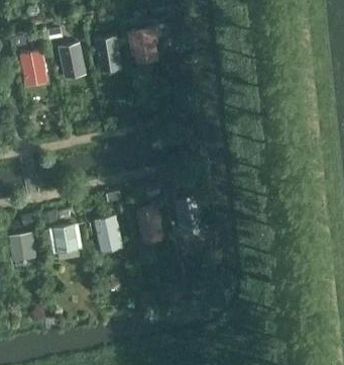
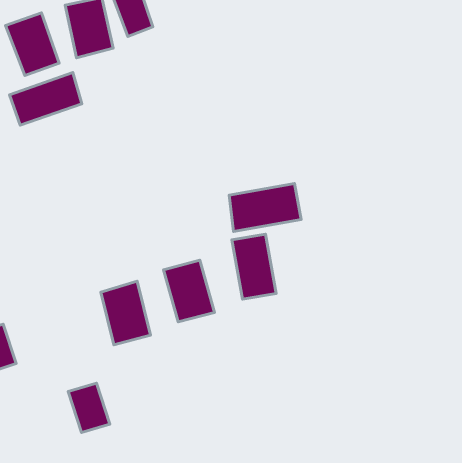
building: none -> [9,72,82,125]
building: none -> [229,183,301,231]
building: [49,229,73,258] -> [68,383,110,433]

